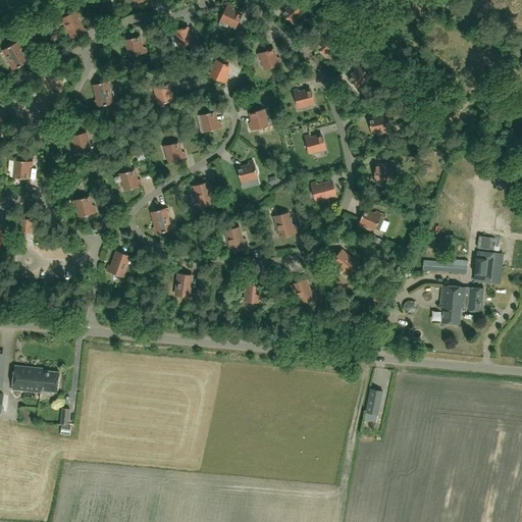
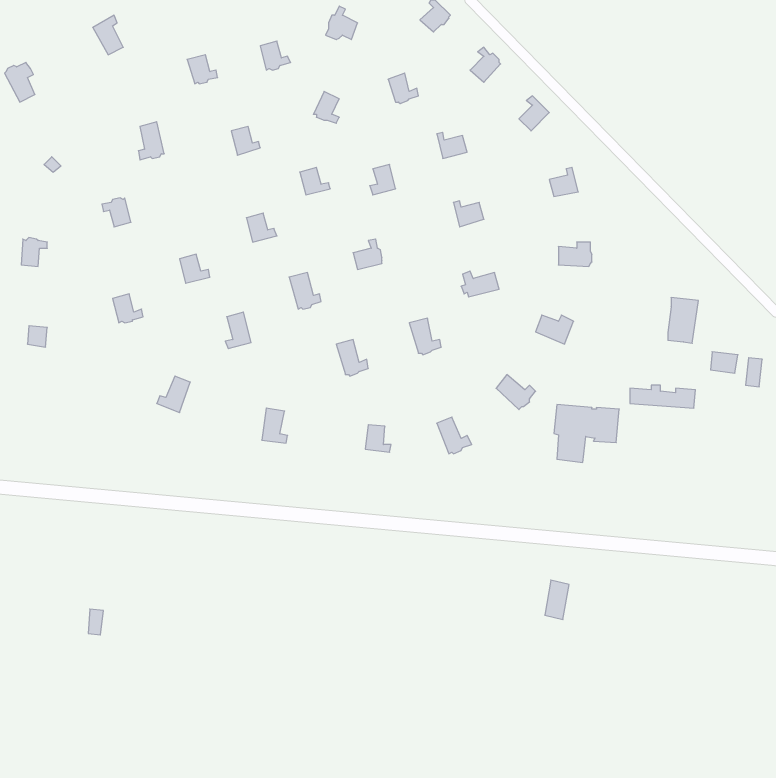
building: [473,251,493,281] -> [668,298,698,343]
building: [439,285,483,324] -> [554,405,619,462]
building: [11,366,57,393] -> none

